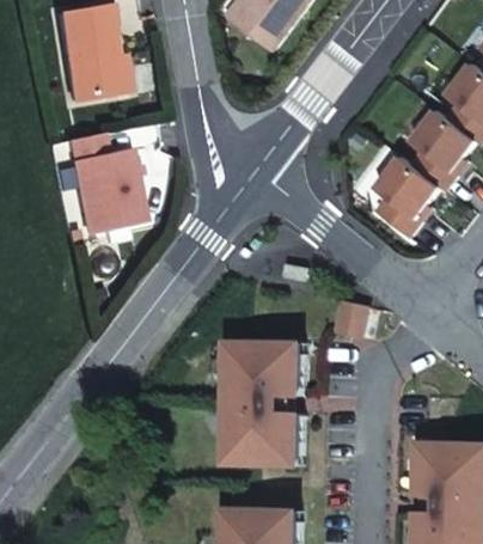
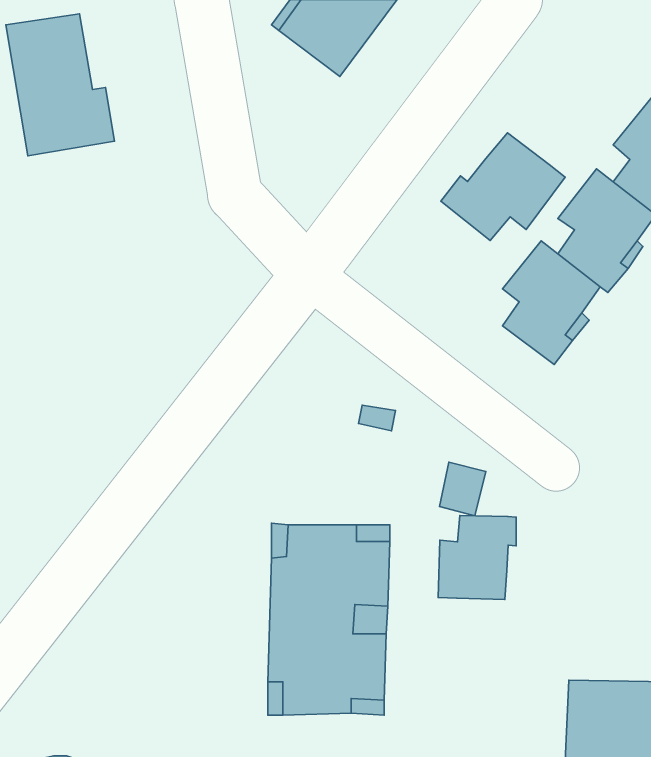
building: none -> [441,133,565,240]
building: [65,135,139,233] -> none
building: none -> [438,515,516,599]

